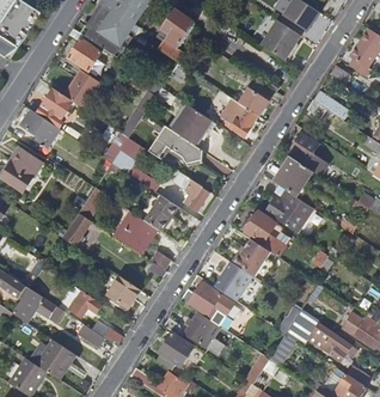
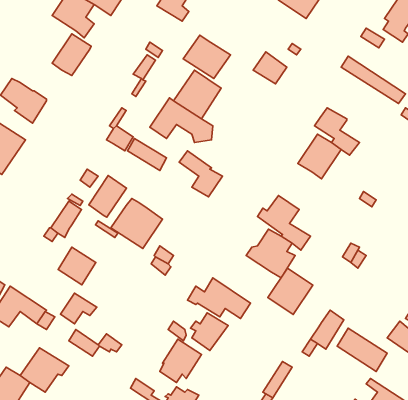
building: [37,88,73,127] -> none
building: [215,97,256,134] -> [183,35,231,78]
building: [265,189,313,232] -> none
building: [146,195,178,231] -> [89,175,126,217]
building: [214,261,252,300] -> [268,268,313,314]
building: [109,275,141,307] -> [58,247,96,285]

